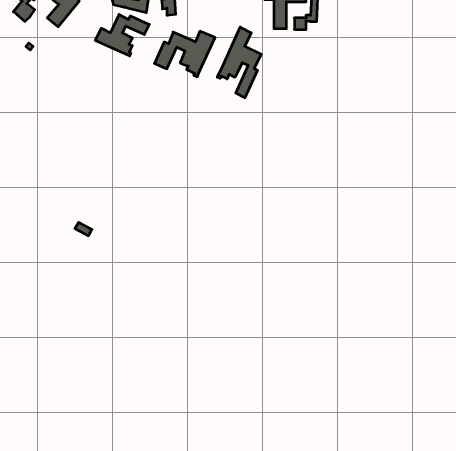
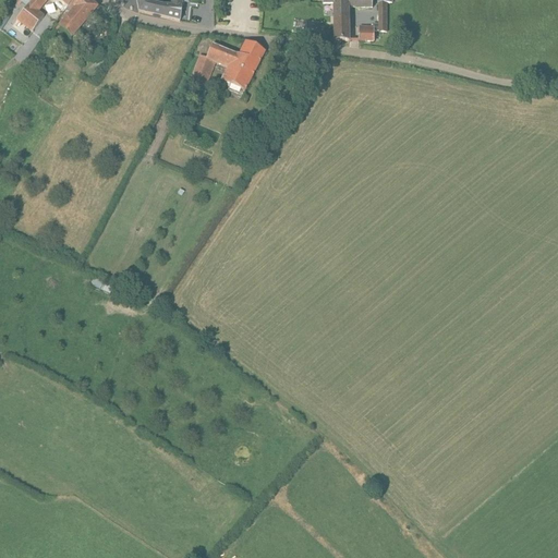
building: [95,14,149,56] -> none
building: [217,27,261,98] -> none

